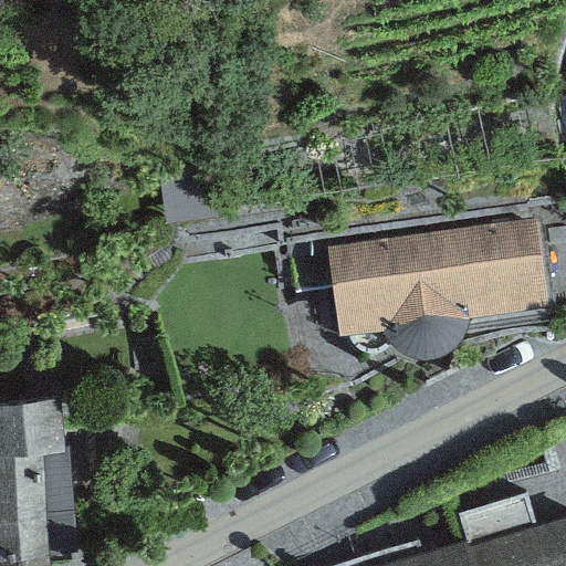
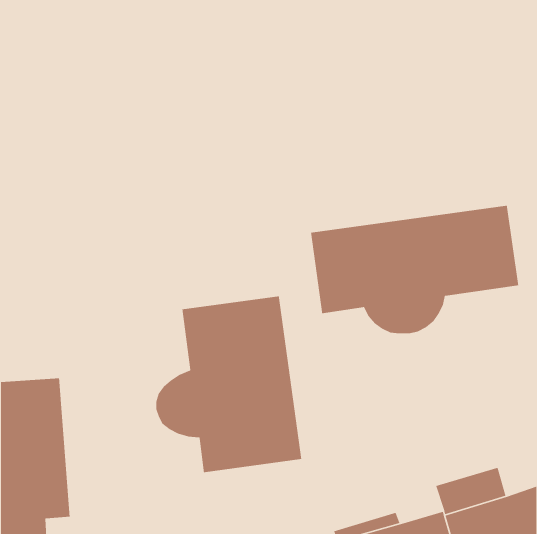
building: none -> [155,295,302,473]

